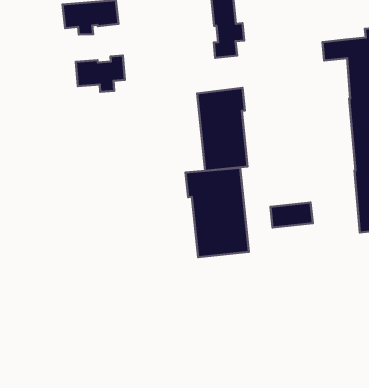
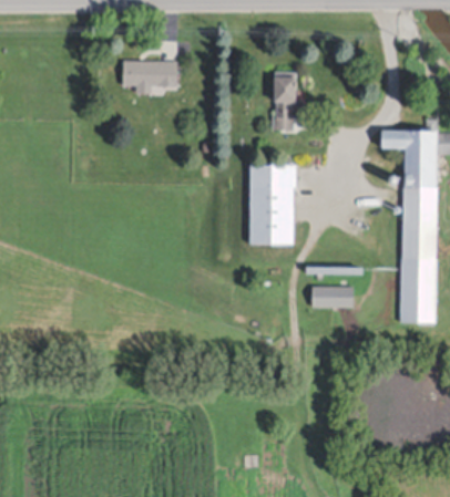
building: [76,56,125,92] -> none
building: [185,168,249,257] -> none

